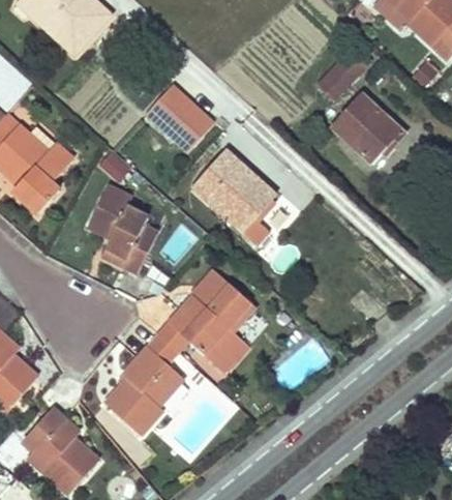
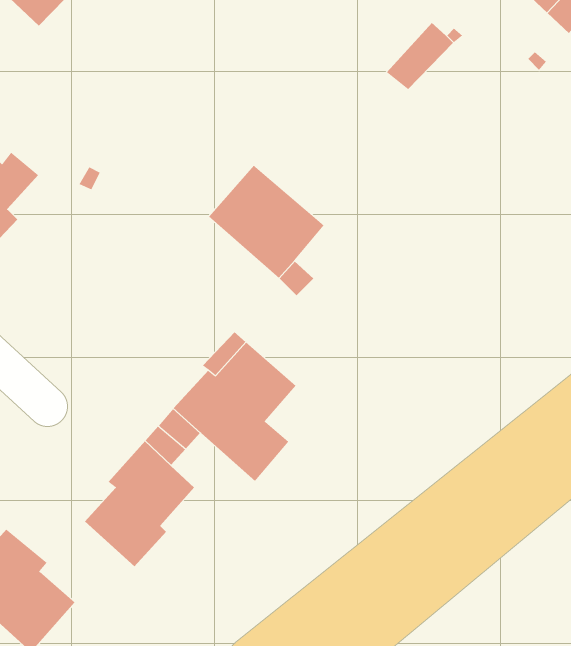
building: [147,85,215,152] -> none
building: [333,95,403,161] -> none
building: [88,186,157,271] -> none

